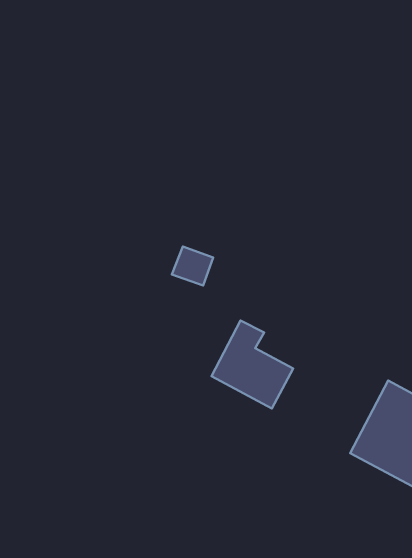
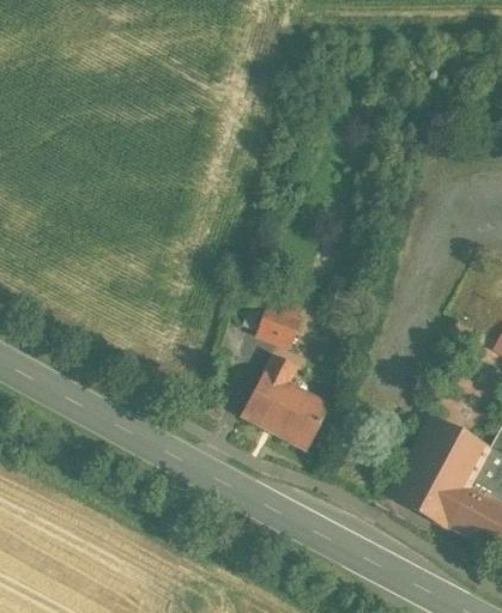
building: [172,246,213,286] -> [259,304,303,346]

